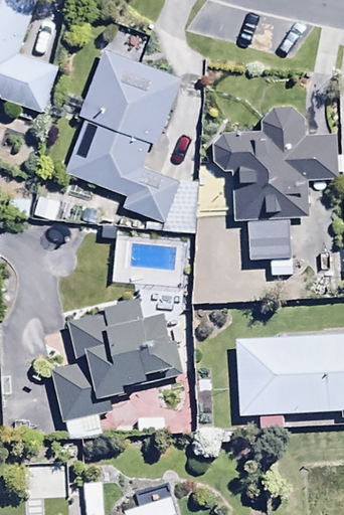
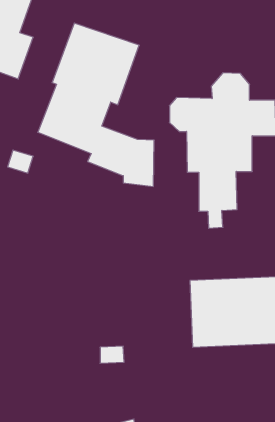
building: [53,300,174,436] -> none

